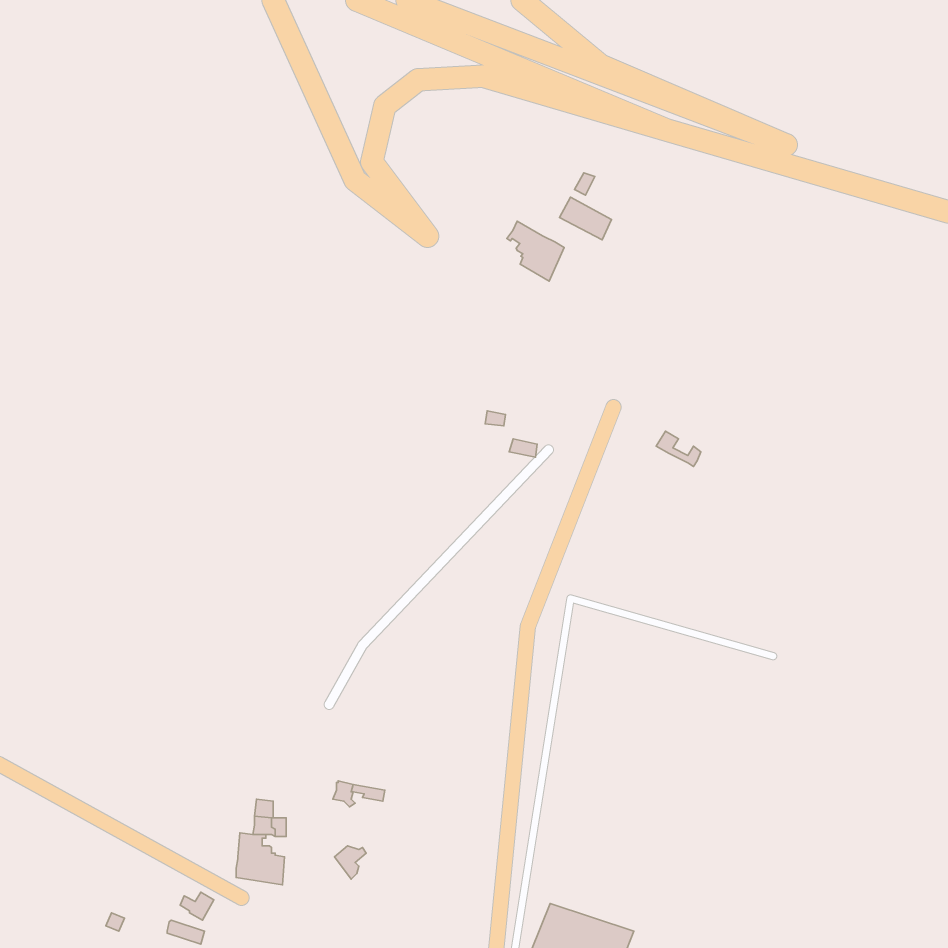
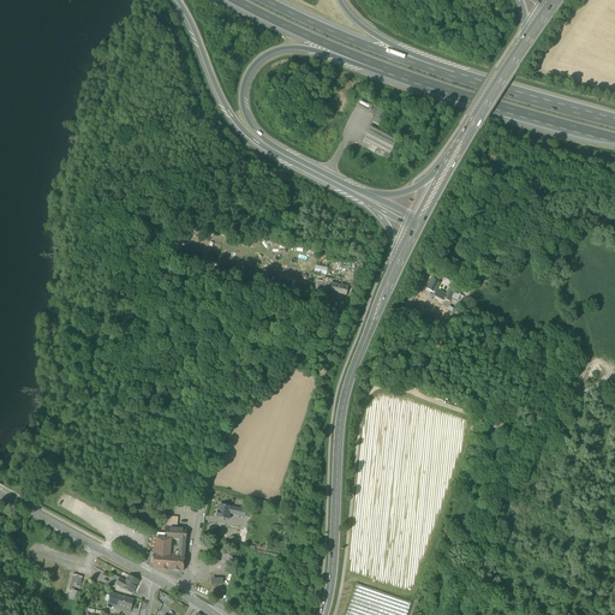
building: [507,221,564,281] -> none

